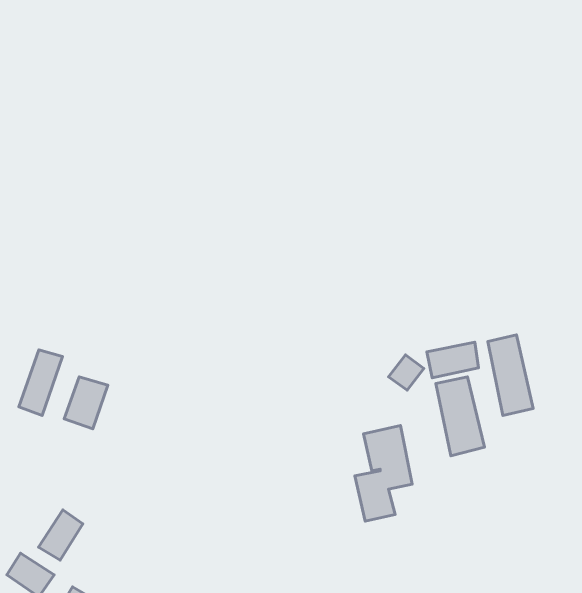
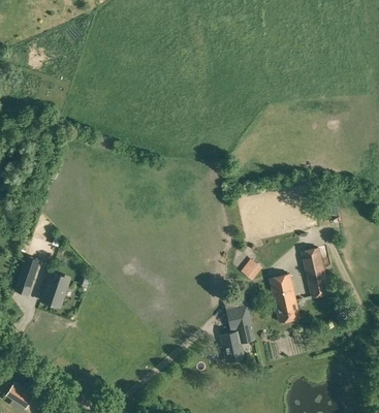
building: [427,342,478,378] -> none
building: [39,510,83,560] -> none

